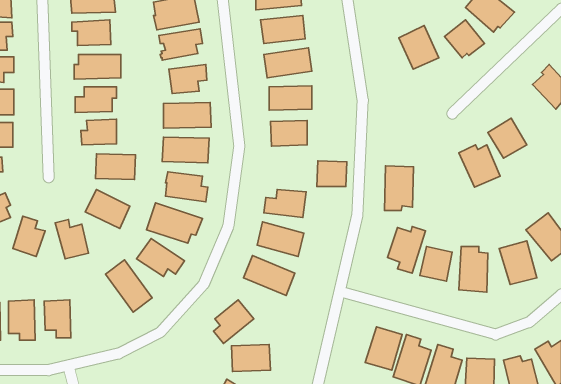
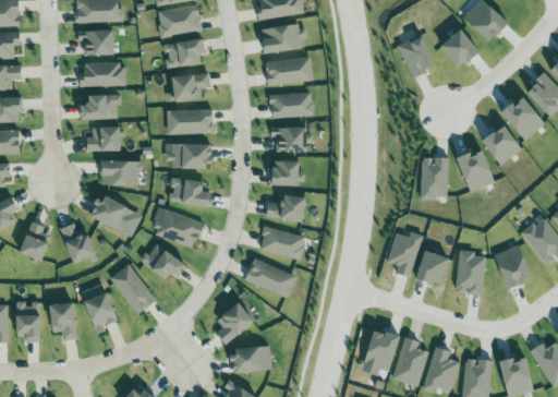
building: none -> [501,95,545,140]
building: [317,161,347,186] -> [270,159,300,184]
building: [384,166,413,210] -> [420,156,448,200]
building: none -> [85,292,118,334]

